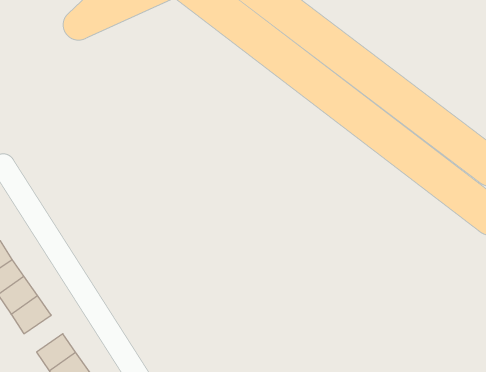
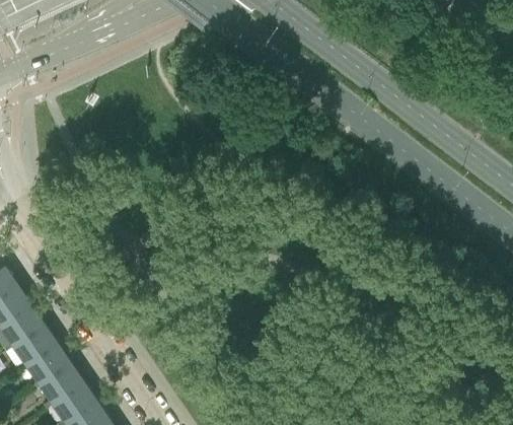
building: none -> [27,344,68,382]

